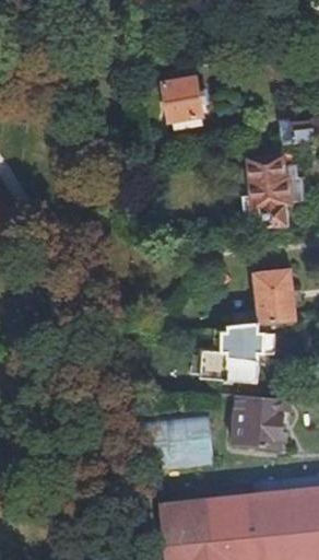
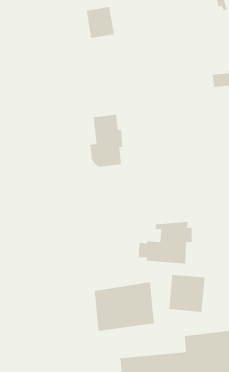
building: [163,80,202,124] -> [86,6,115,39]
building: [245,158,291,230] -> [90,114,123,167]
building: [253,270,297,326] -> none

